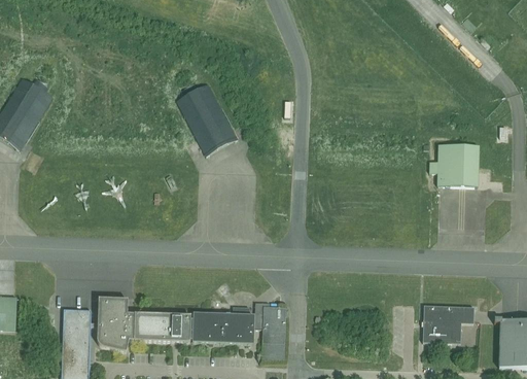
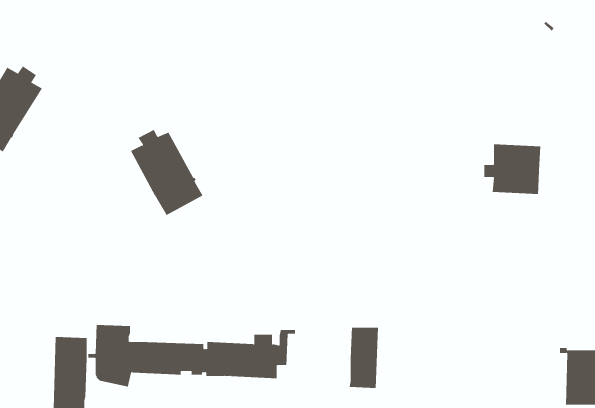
building: [175,81,238,156] -> [130,129,204,216]
building: [422,305,473,343] -> none
building: [260,306,286,358] -> [349,327,379,388]

